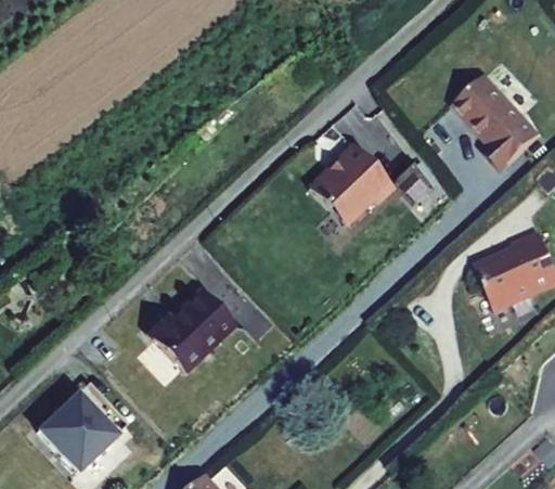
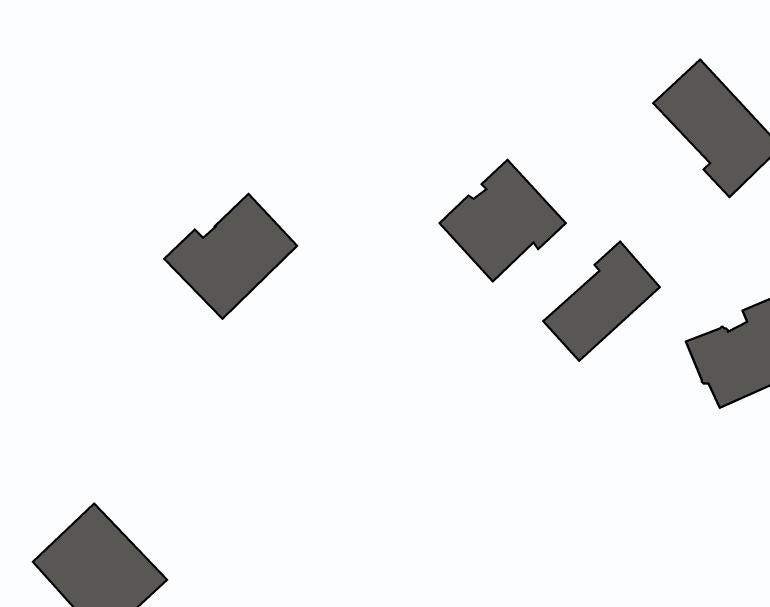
building: none -> [543,242,660,361]
building: [145,288,234,372] -> [164,194,297,319]

